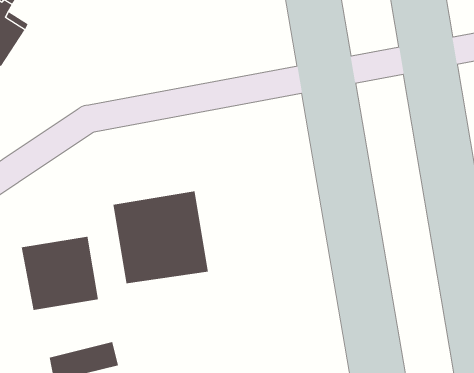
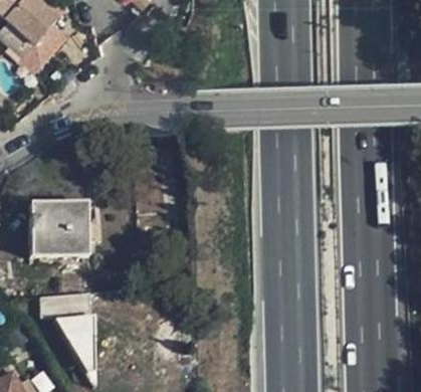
building: [113,190,209,284] -> none

